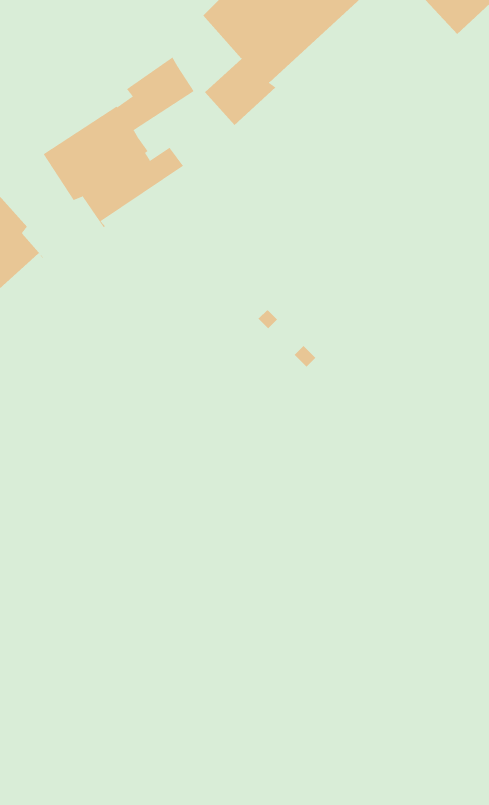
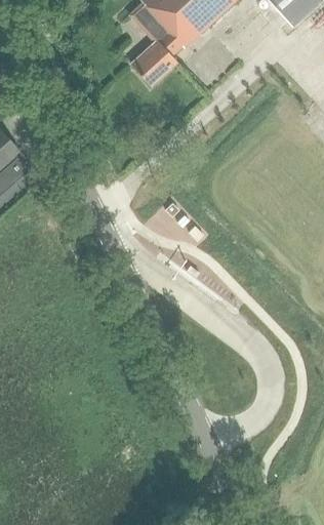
building: [43,57,195,228] -> none

